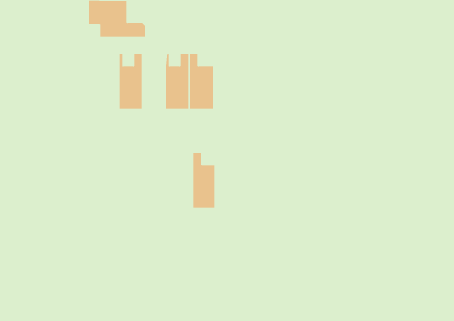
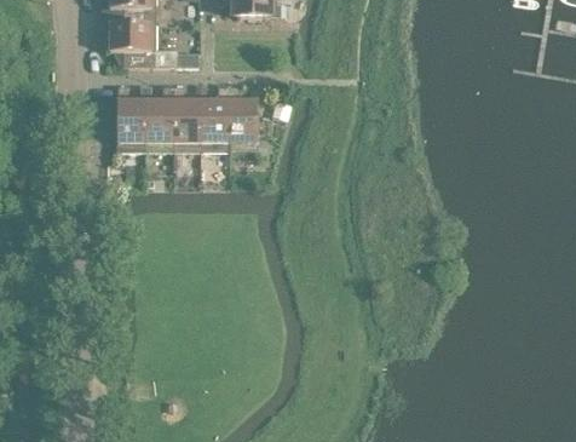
building: none -> [116,85,145,150]
building: [193,152,215,208] -> [173,85,200,150]

